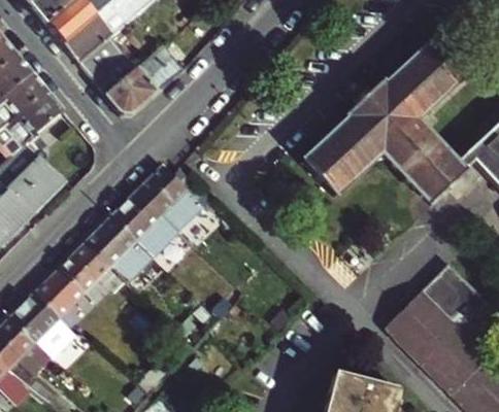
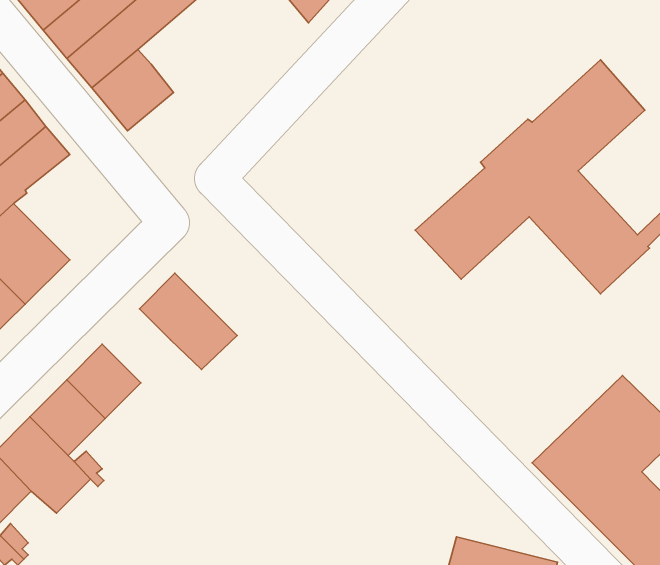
building: [104,42,184,113] -> none
building: [137,164,207,234] -> none
building: [87,215,156,283] -> none

